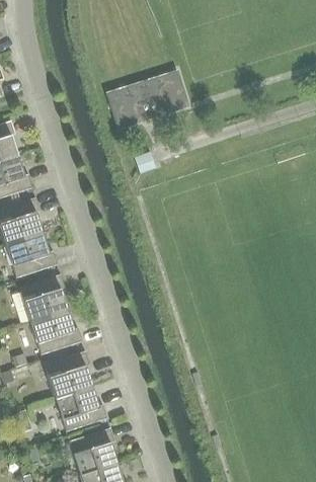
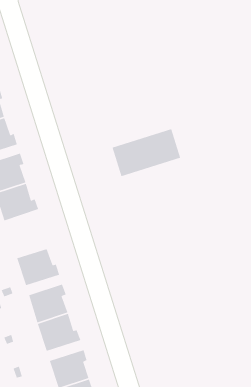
building: [106,70,188,128] -> [111,128,181,177]
building: [19,273,67,320] -> none

